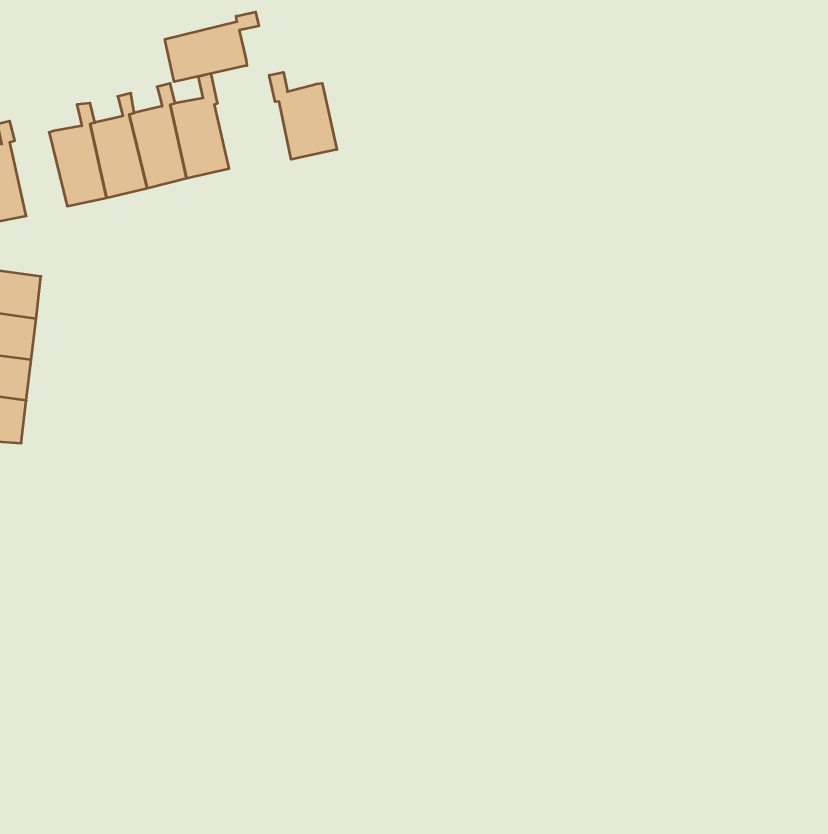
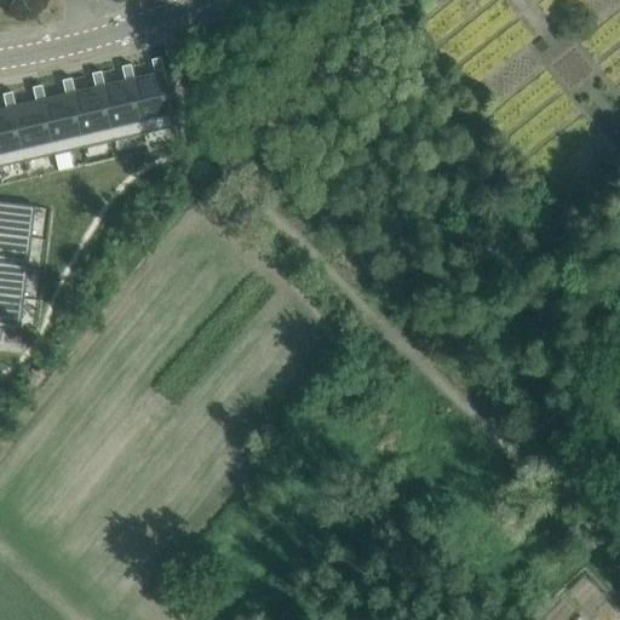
building: [165,12,259,82] -> none
building: [269,72,337,159] -> none
building: none -> [7,82,50,160]

